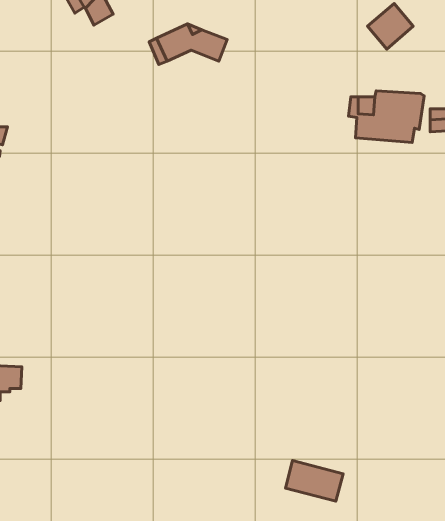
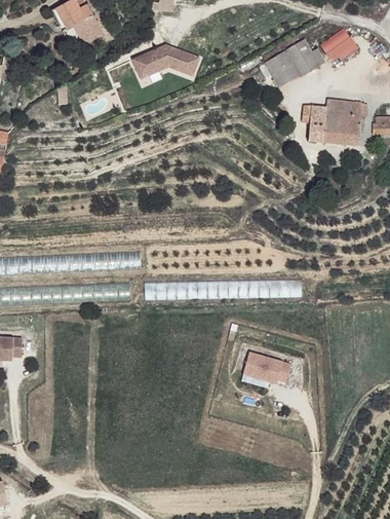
building: none -> [263,38,326,86]
building: [285,461,343,501] -> [242,350,291,385]

